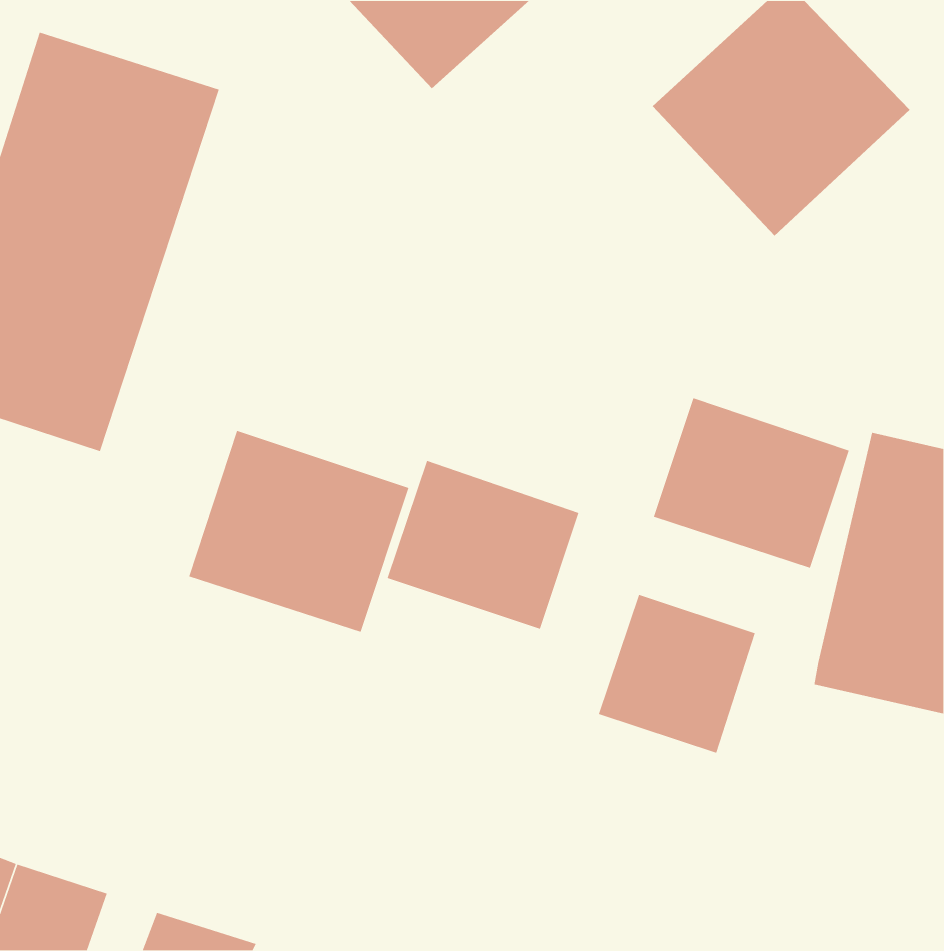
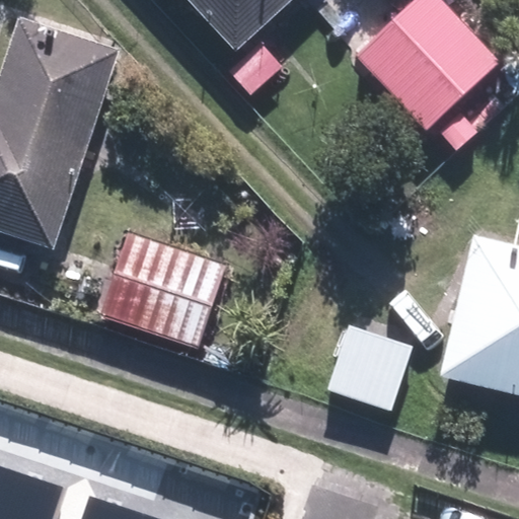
building: [653,397,850,569] -> none
building: [386,460,580,630] -> none

